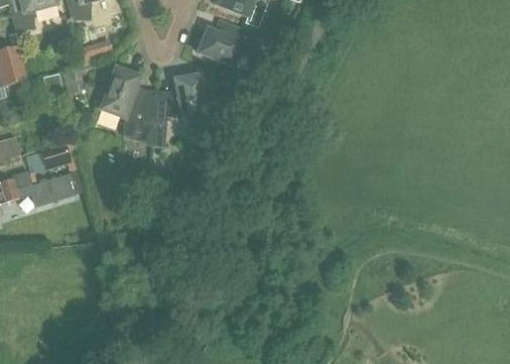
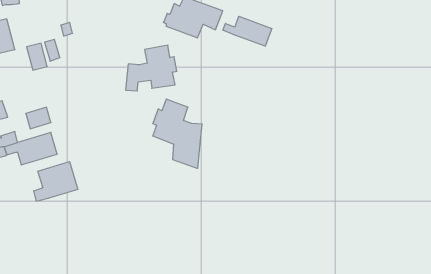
building: none -> [223,16,272,46]
building: [100,67,155,144] -> [153,99,202,168]
building: none -> [34,162,78,201]

